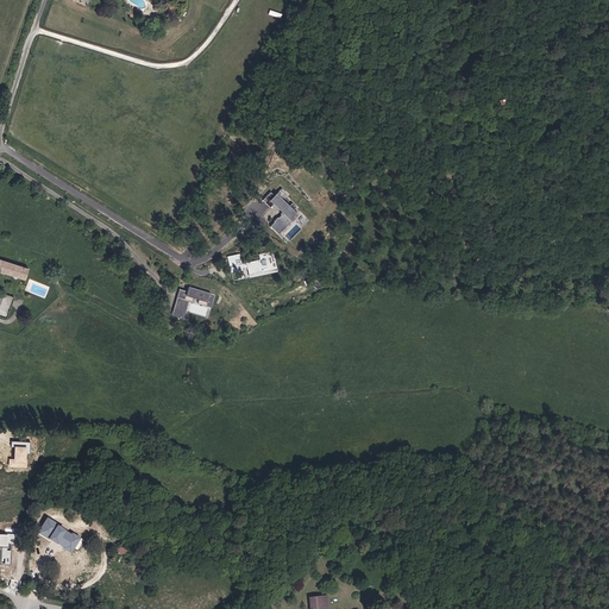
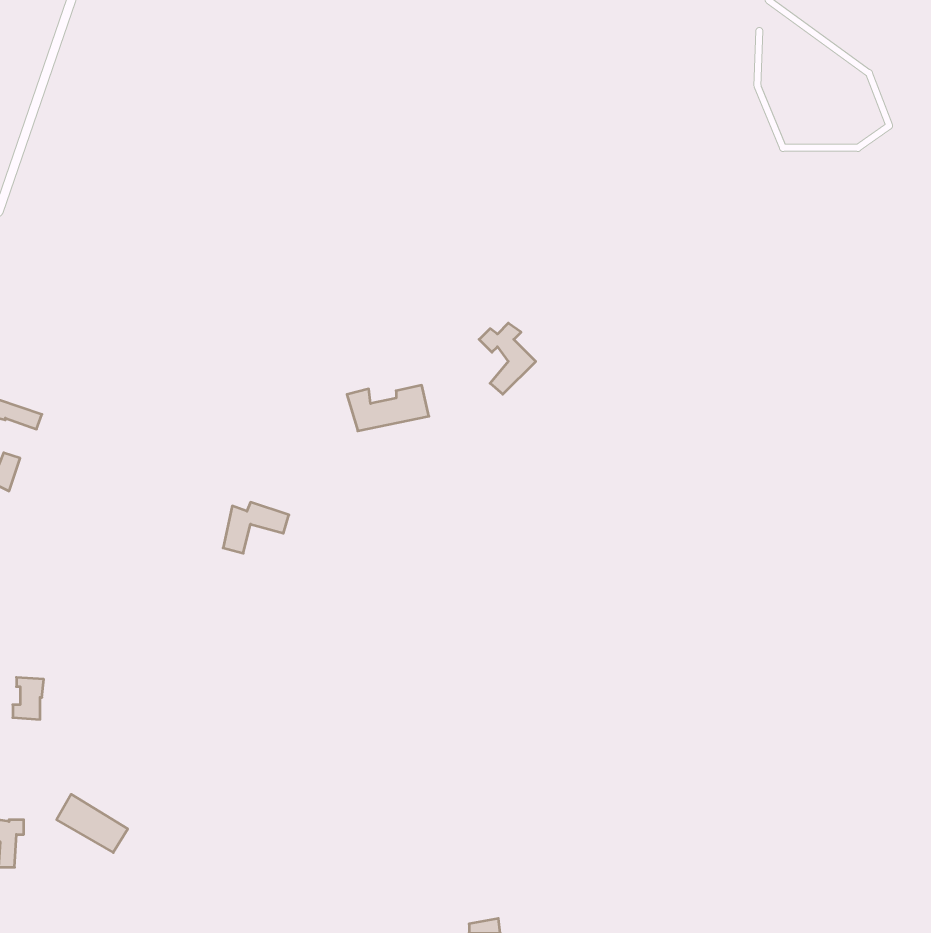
building: [262,189,299,236] -> [479,323,536,394]
building: [171,287,214,320] -> [223,502,289,553]

